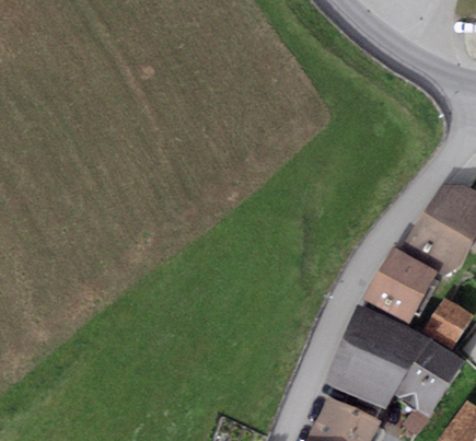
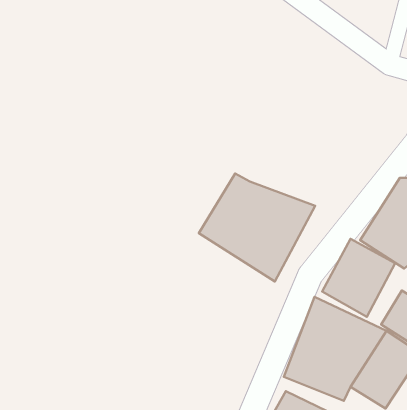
building: none -> [199,174,315,281]

